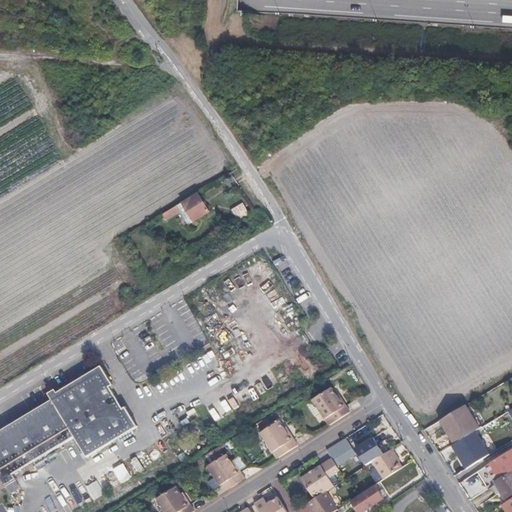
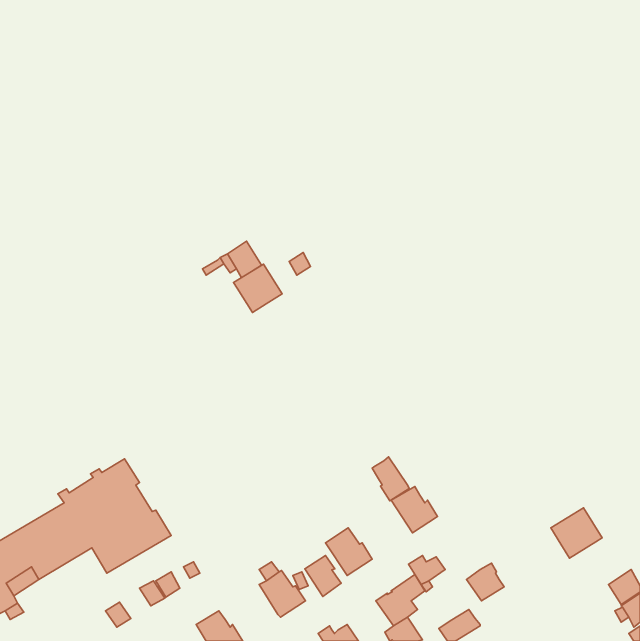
building: none -> [234,264,282,312]
building: none -> [372,457,409,501]
building: [446,431,479,471] -> none
building: [354,437,382,465] -> none
building: none -> [305,555,341,597]

